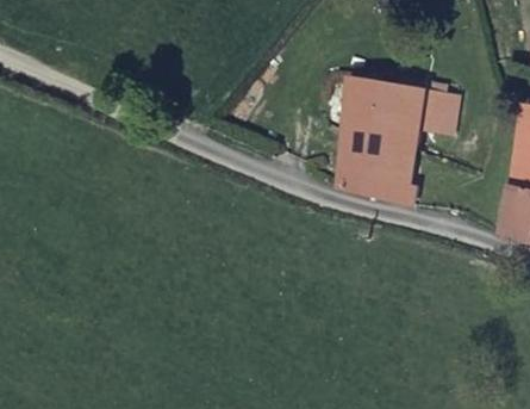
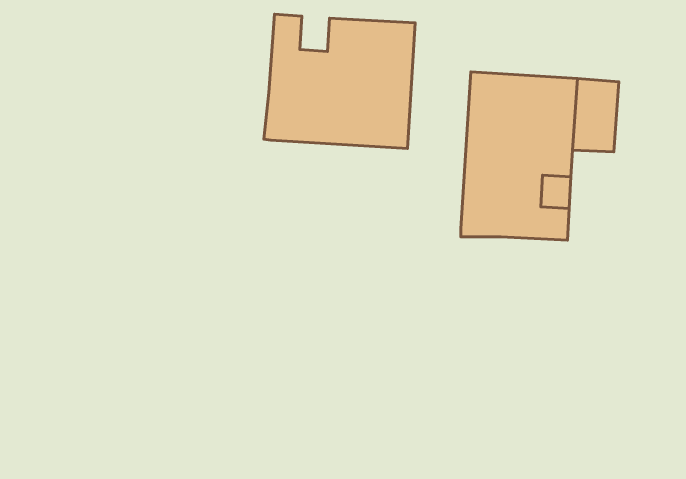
building: none -> [264,14,415,148]

